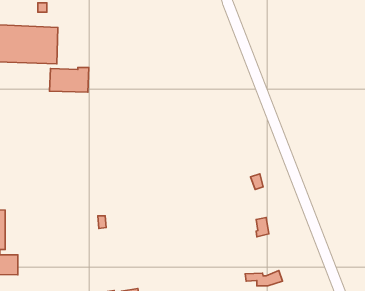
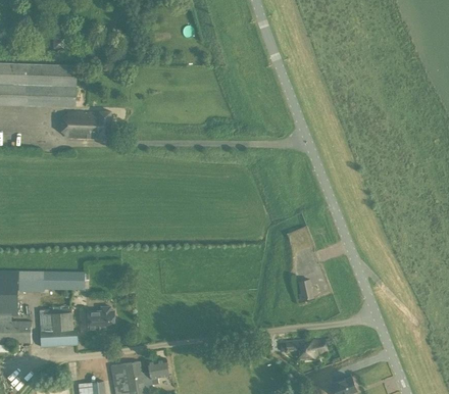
building: none -> [17,270,84,290]
building: none -> [87,306,114,329]
building: none -> [38,307,77,346]

